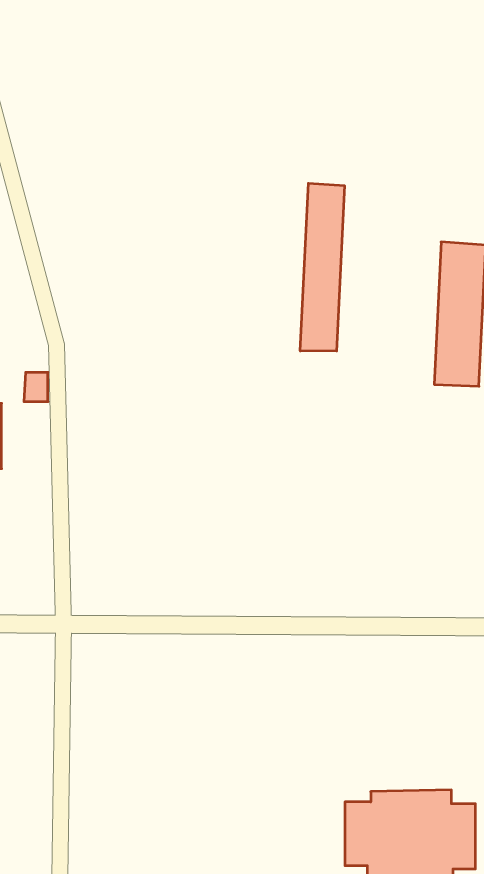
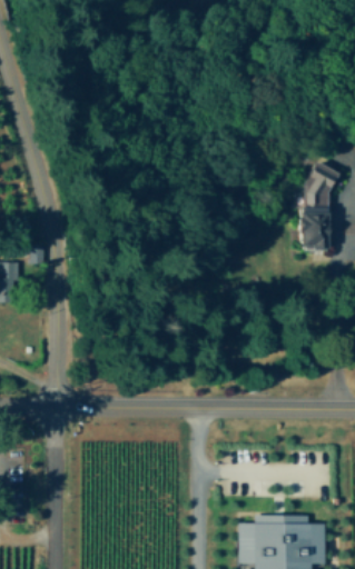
building: [300,183,344,351] -> none

